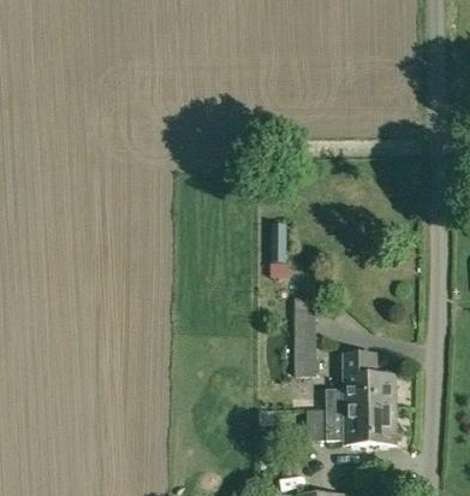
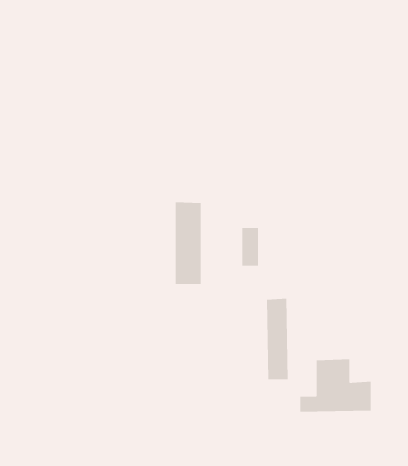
building: none -> [175,202,201,285]
building: [327,406,397,444] -> none

